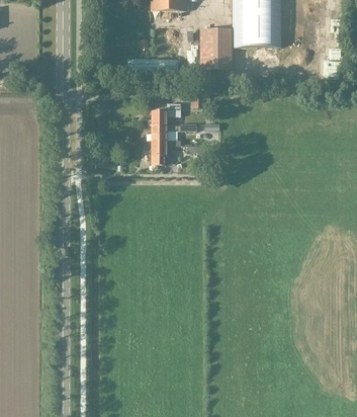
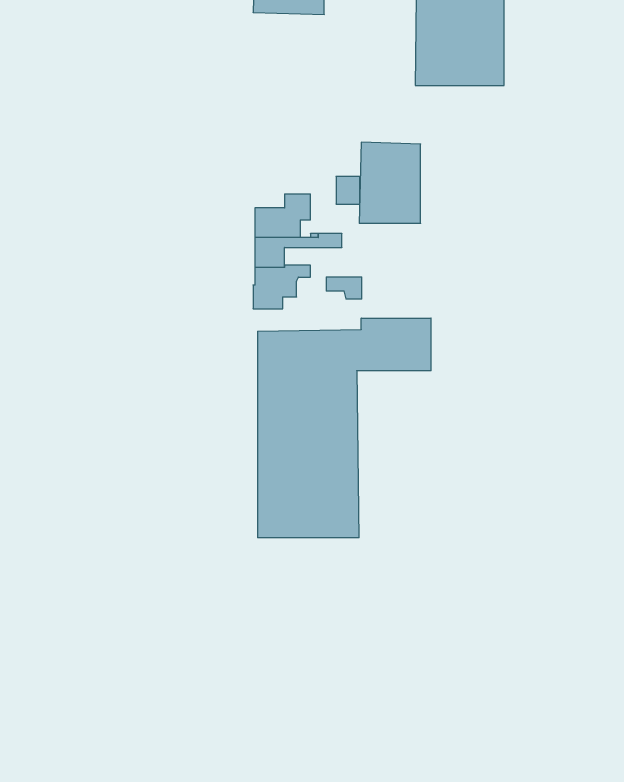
building: [200,27,232,69] -> [359,142,421,223]
building: none -> [258,318,431,538]

